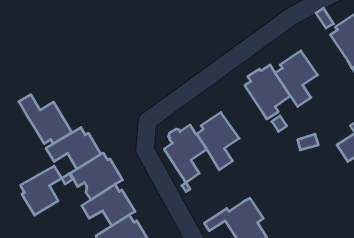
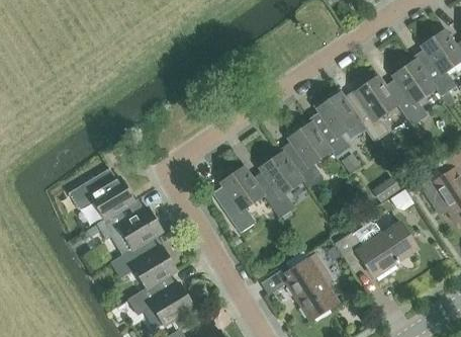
building: none -> [385,56,435,124]
building: none -> [280,119,332,188]
building: [19,95,72,144] -> none
building: [21,166,62,215] -> none
building: none -> [333,222,414,276]

